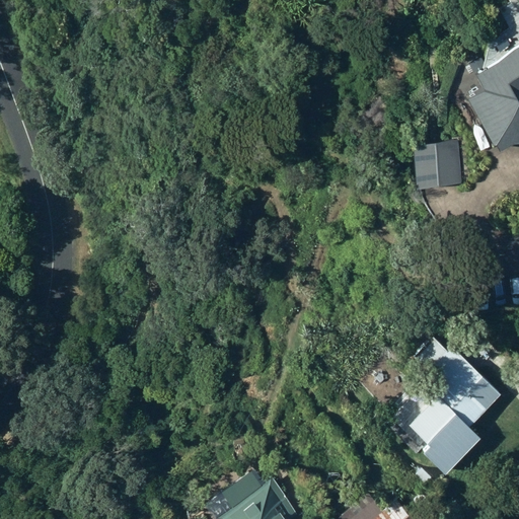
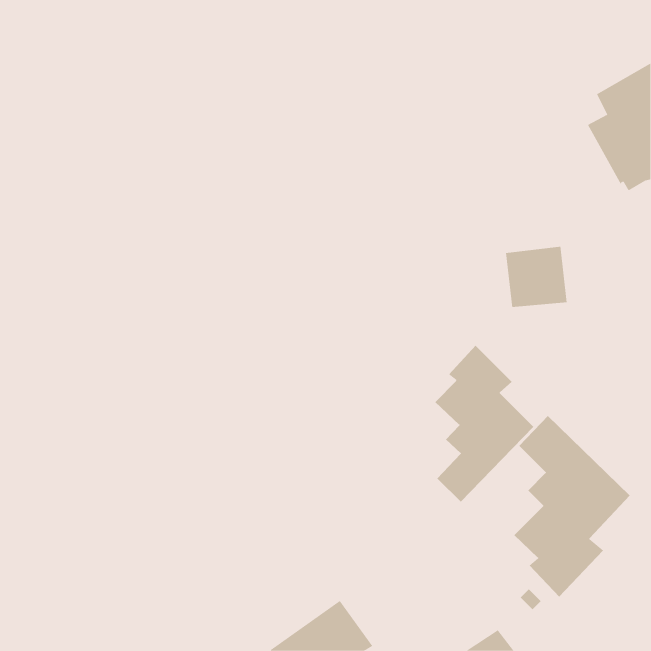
building: [412,139,461,188] -> [505,246,568,307]
building: none -> [434,345,534,502]

